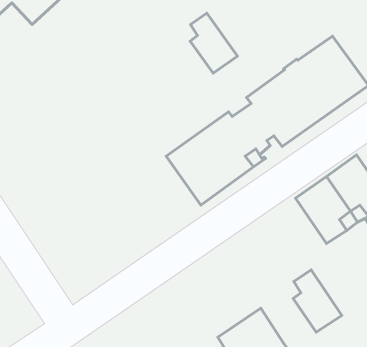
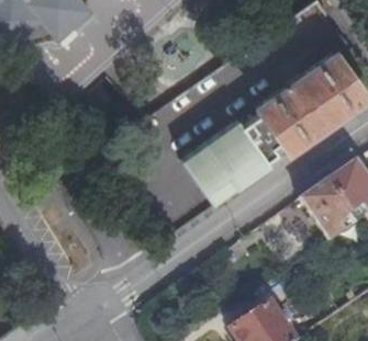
building: [190,13,238,73] -> none
building: [293,270,342,332] -> none

